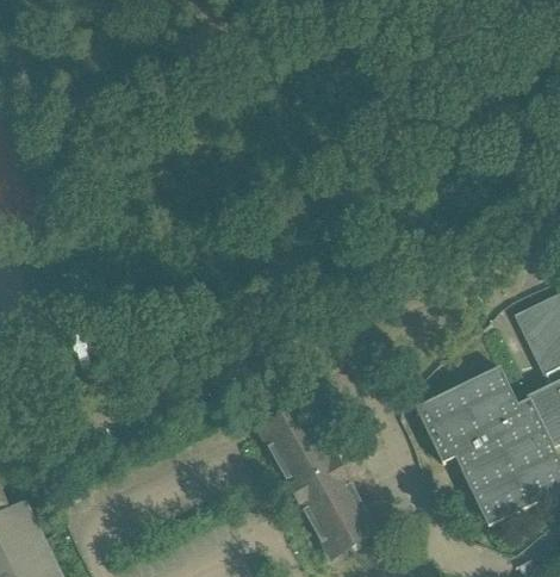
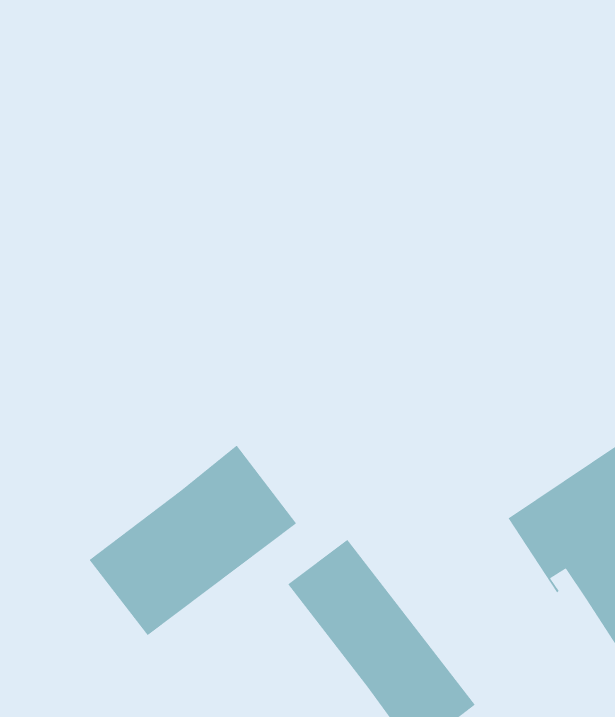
building: none -> [88,444,297,636]

